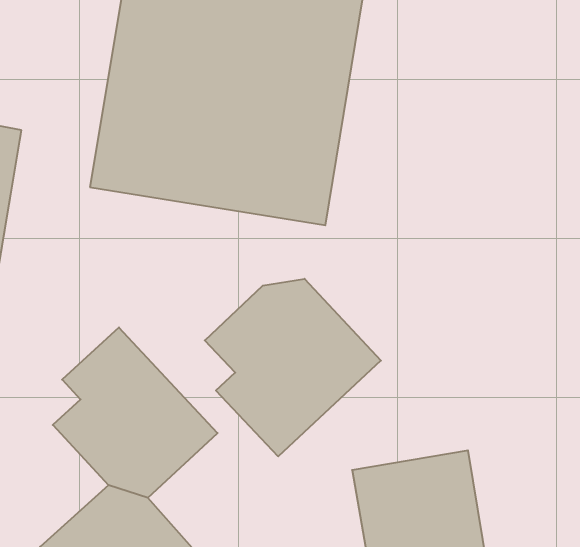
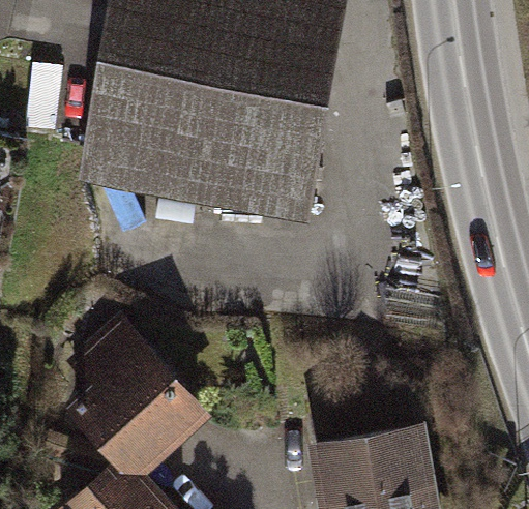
building: [205,279,381,456] -> none

